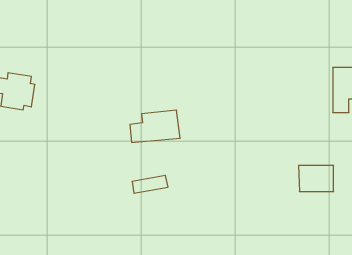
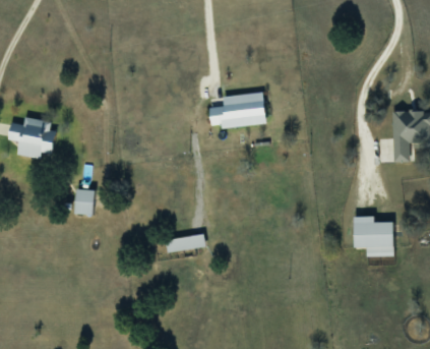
building: [130,110,180,142] -> [208,92,265,128]
building: none -> [72,188,95,216]

